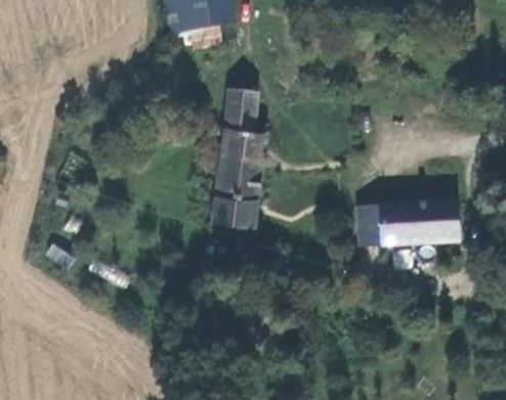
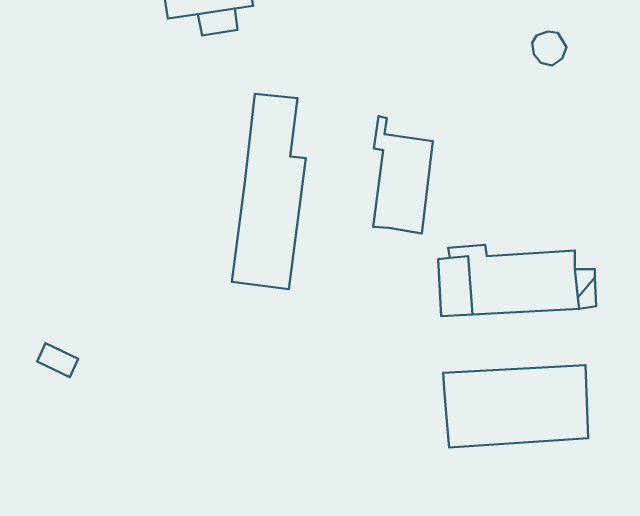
building: none -> [373,116,433,234]
building: none -> [443,365,588,448]

